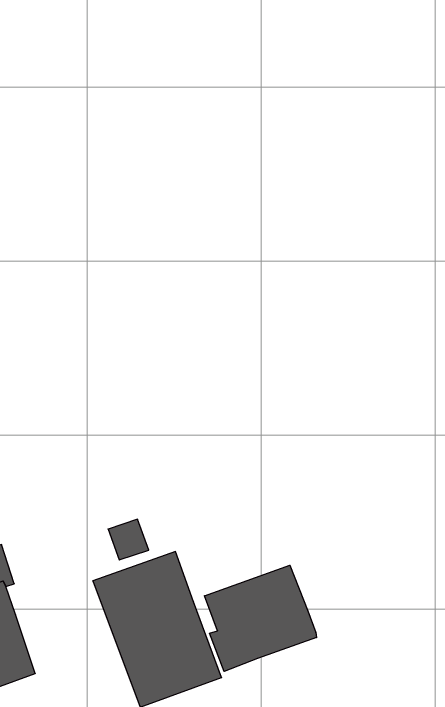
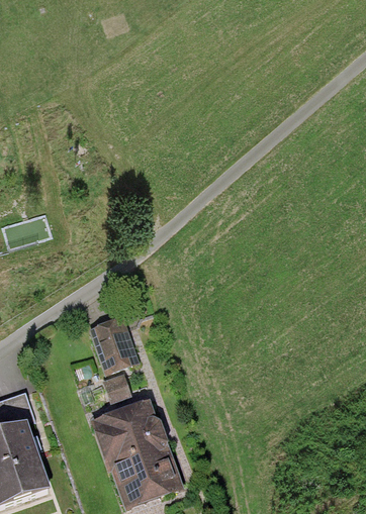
building: none -> [89,318,140,376]
building: [204,565,317,671] -> none

